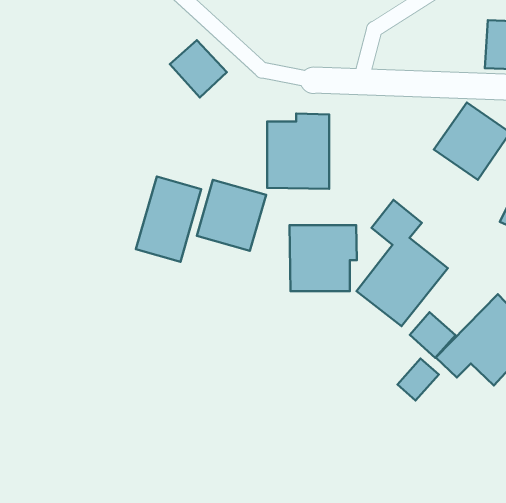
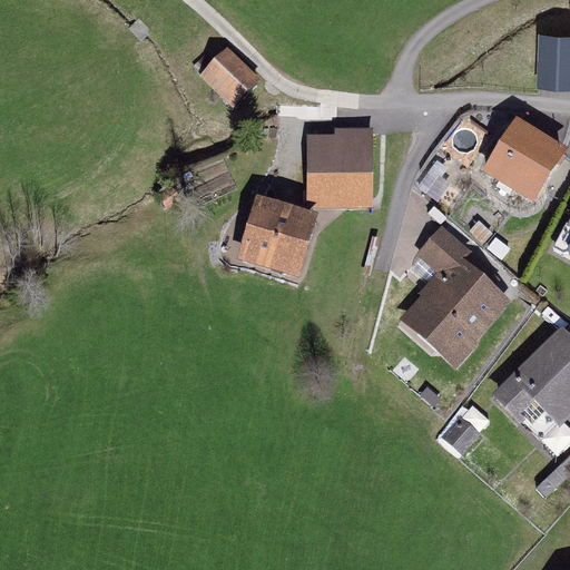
building: [136,176,201,262] -> none
building: [289,225,357,291] -> none
building: [410,312,455,358] -> none

